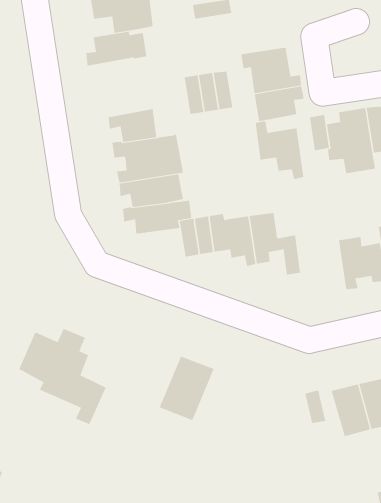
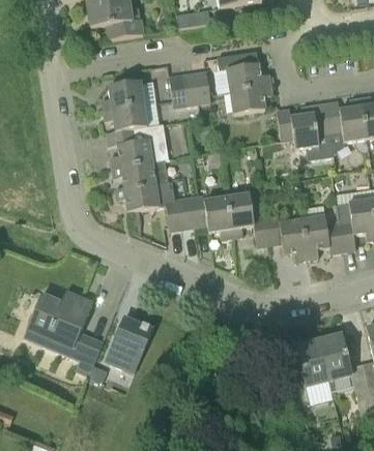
building: [86,31,147,66] -> [103,81,155,111]
building: [255,120,304,180] -> [265,210,308,261]
building: [159,356,214,421] -> [104,322,151,378]

